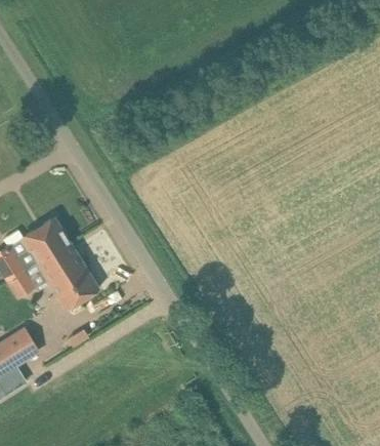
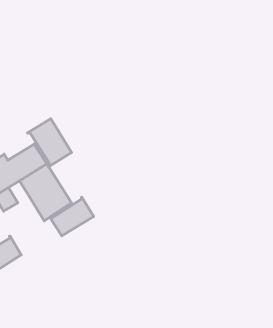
building: none -> [28,119,71,167]
building: none -> [50,197,93,236]

